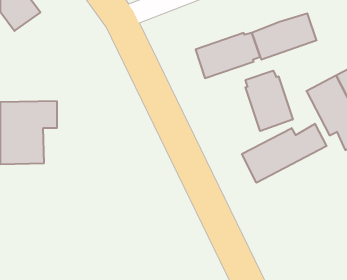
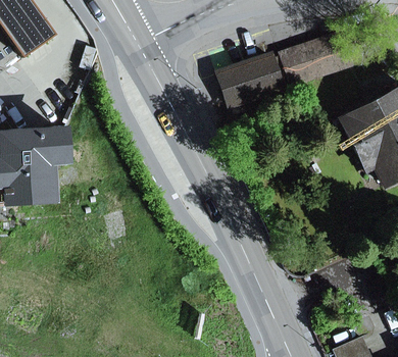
building: [245,71,293,131] -> none
building: [242,124,327,183] -> none

